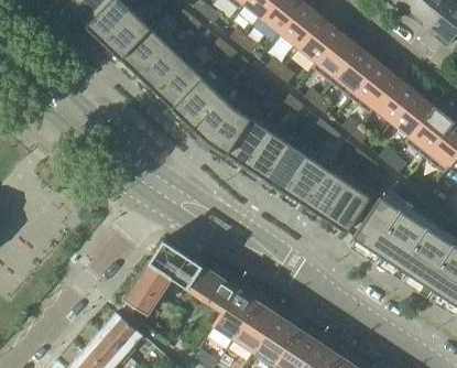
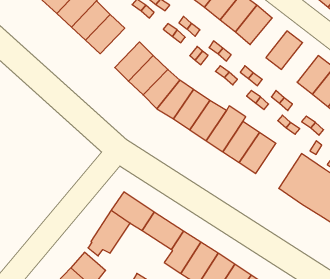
building: [316,31,360,78] -> none
building: [135,43,183,90] -> none
building: [353,61,398,108] -> none
building: [323,182,368,231] -> none

